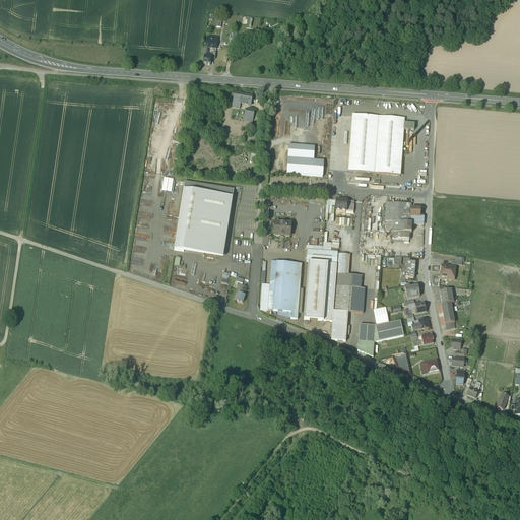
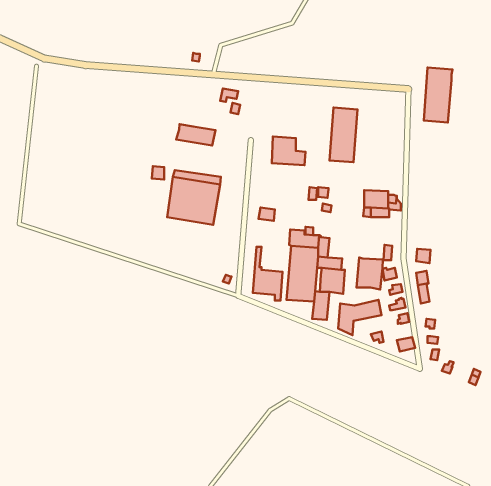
building: [374,116,404,174] -> [424,68,453,122]
building: none -> [176,124,215,146]
building: [174,230,225,255] -> none
building: [274,261,301,287] -> none
building: none -> [356,258,383,289]

